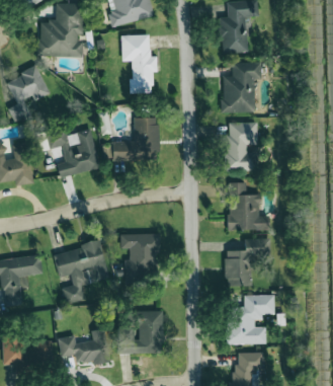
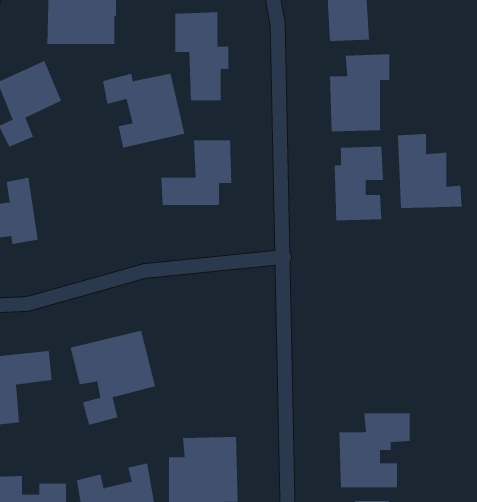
building: [47,129,100,177] -> [102,73,185,148]
building: [227,181,269,230] -> [397,134,463,209]
building: [120,233,160,285] -> none
building: [225,238,266,286] -> none

